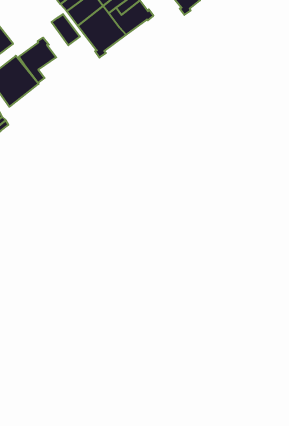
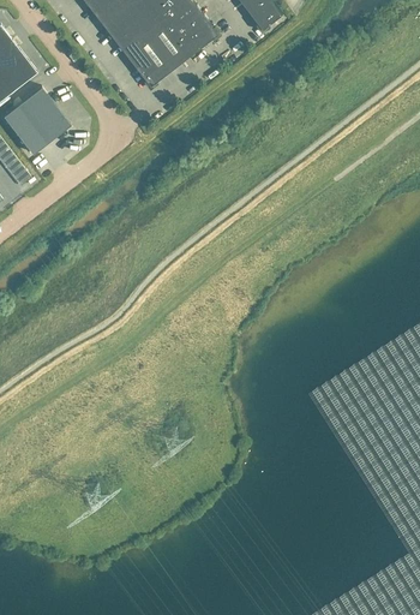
building: [52,14,80,45] -> none
building: [19,38,56,83] -> none

